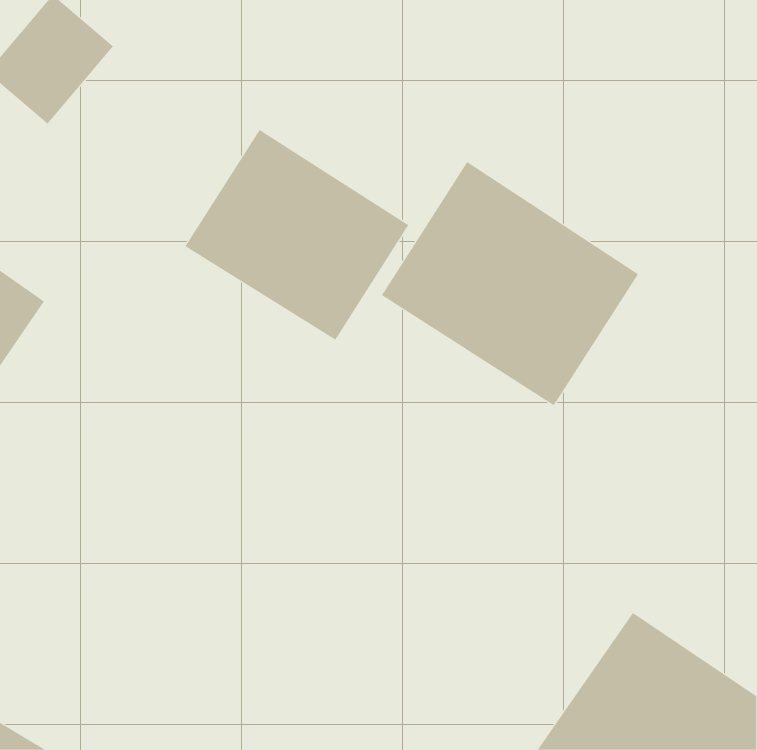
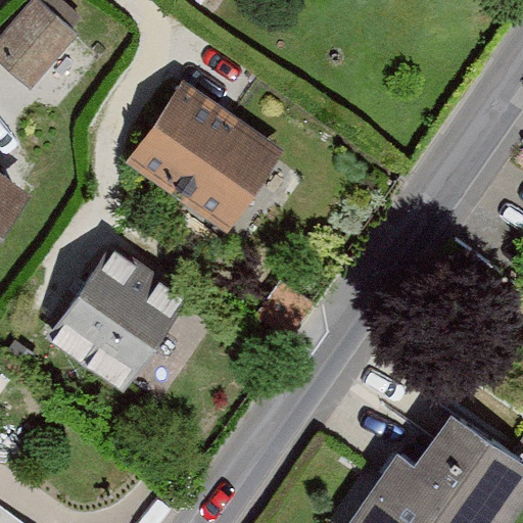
building: [381,161,639,406] -> none
building: none -> [50,254,208,403]

